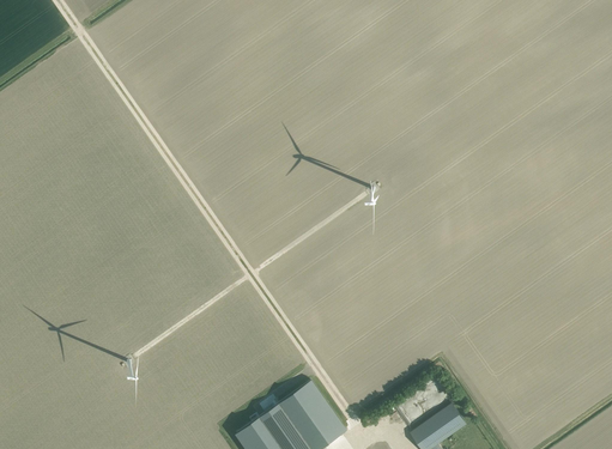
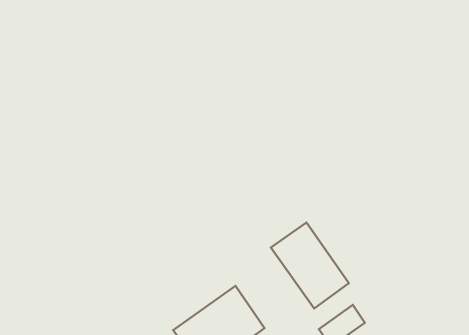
building: none -> [271,222,349,309]

